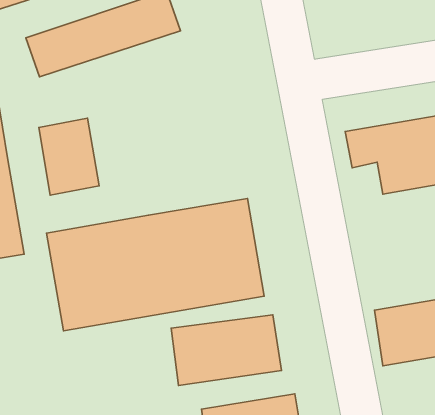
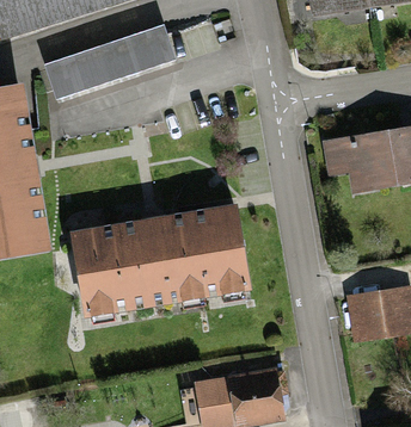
building: [39,118,99,195] -> none
building: [171,315,281,386] -> none

